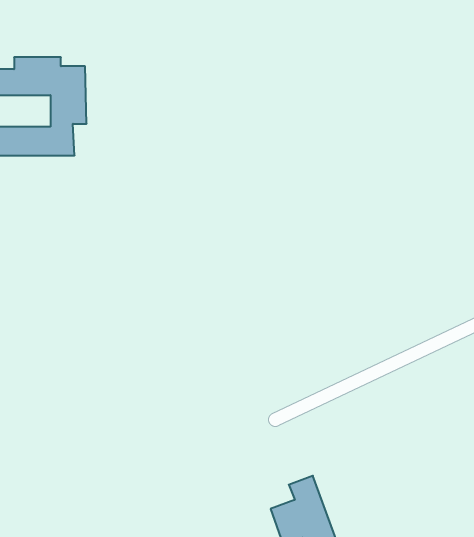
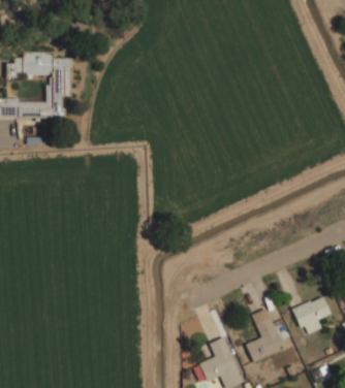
building: none -> [292,295,332,335]
building: none -> [245,309,284,362]

